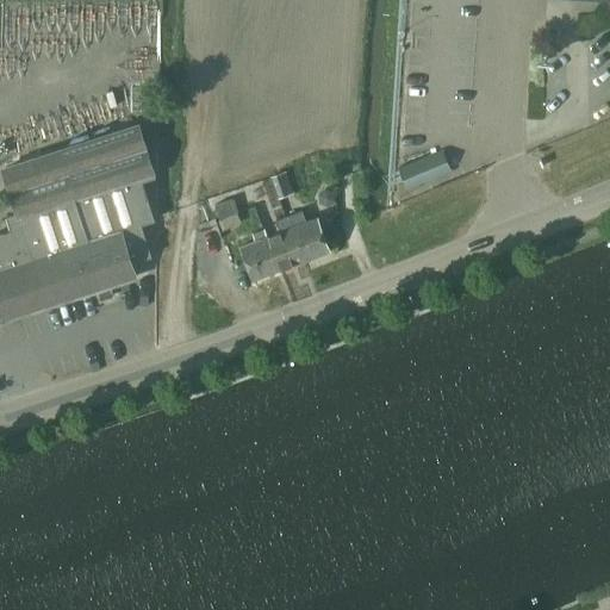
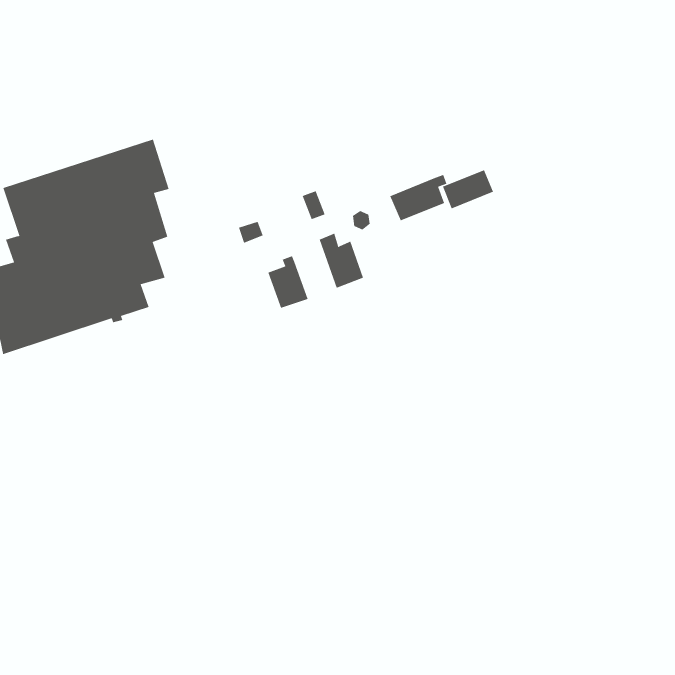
building: none -> [389,174,447,221]
building: [266,217,303,270] -> none

